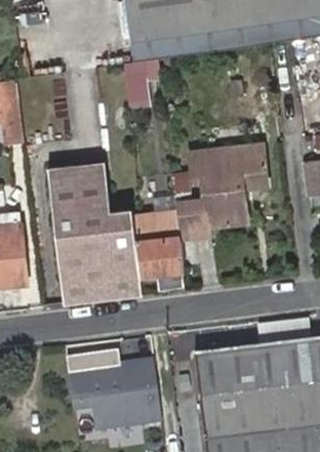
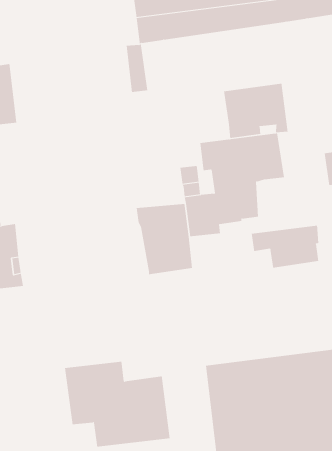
building: none -> [224,83,288,139]
building: [44,164,138,305] -> none
building: none -> [251,225,319,269]

